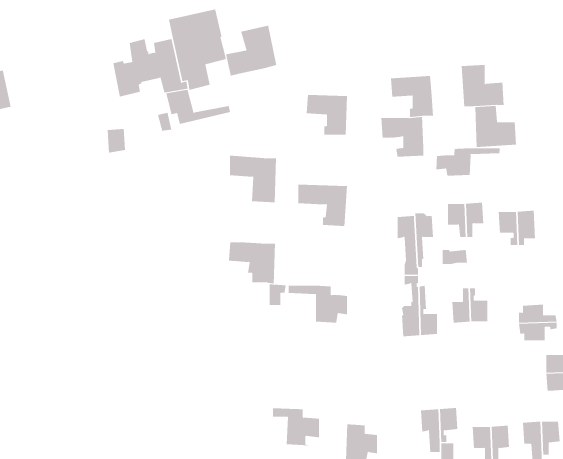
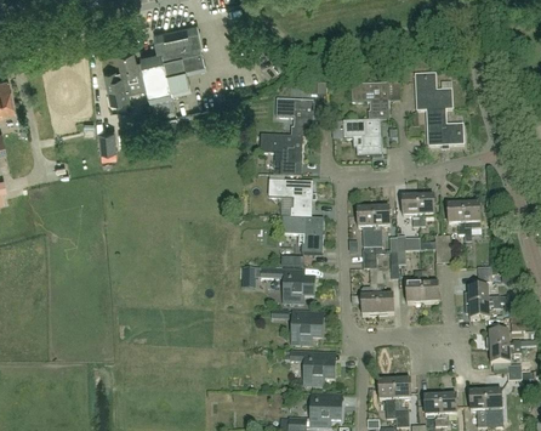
building: [226,25,277,77] -> none
building: [436,148,500,176] -> none
building: [229,155,277,203] -> [261,132,303,175]
building: [228,242,276,284] -> [281,215,324,253]
building: none -> [292,310,323,344]
building: [272,408,320,446] -> [292,351,335,385]

